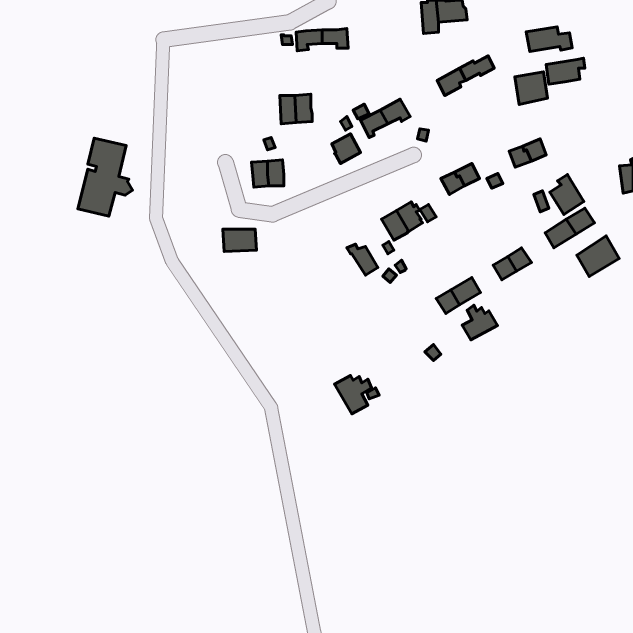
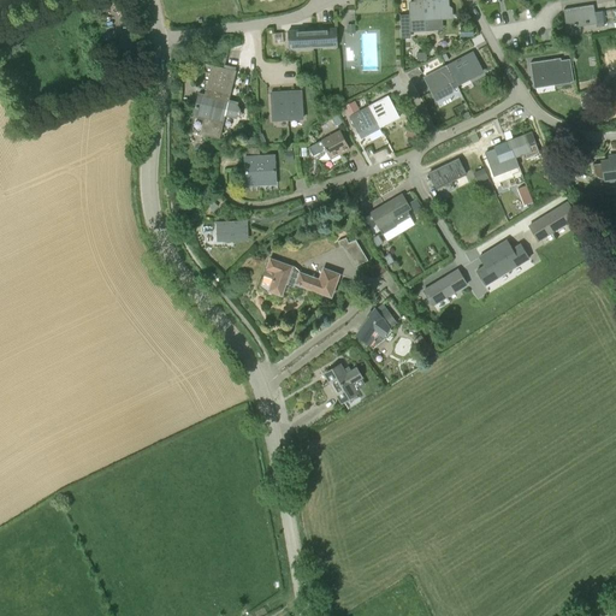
building: [526,27,572,52] -> [563,5,608,29]
building: [515,72,548,104] -> none
building: [78,138,132,216] -> [189,63,242,138]
building: [550,174,584,215] -> none
building: [577,236,619,276] -> none
building: none -> [265,259,339,296]
building: [462,305,497,340] -> none
building: none -> [356,303,397,344]

